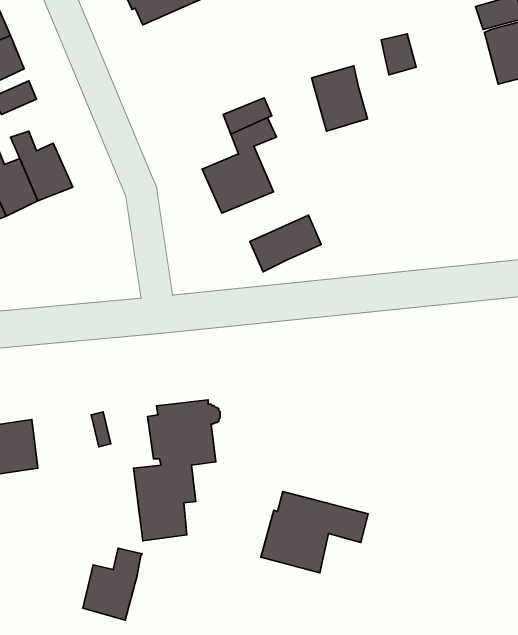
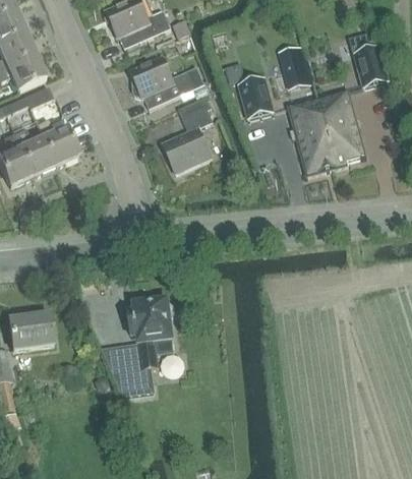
building: none -> [129,57,194,109]
building: none -> [288,89,366,176]
building: [250,215,321,272] -> none
building: [261,492,368,573] -> none
building: [83,548,142,620] -> none

